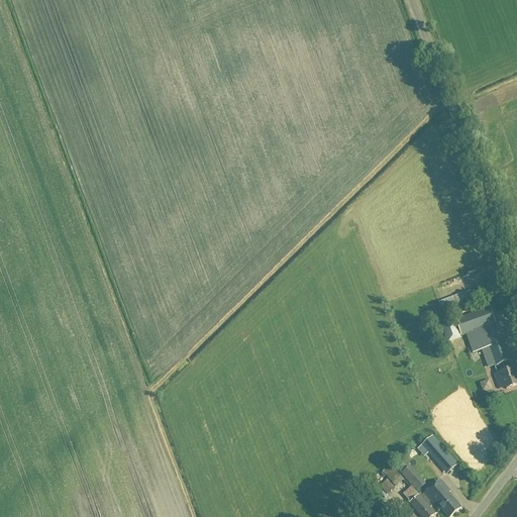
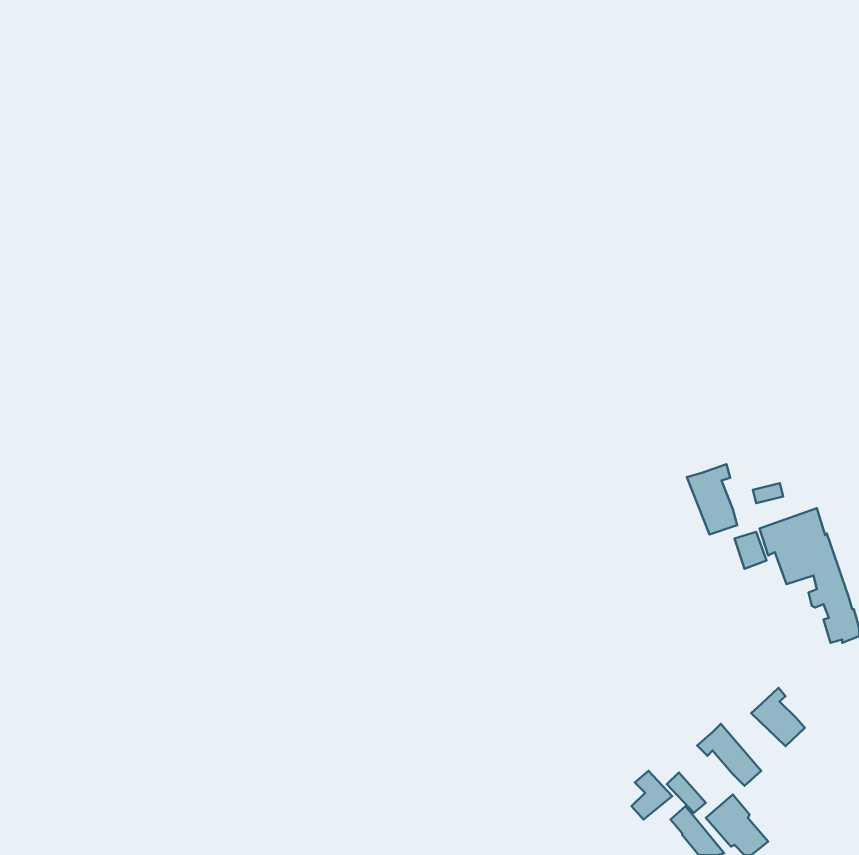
building: none -> [687,464,737,535]
building: none -> [751,688,805,746]

